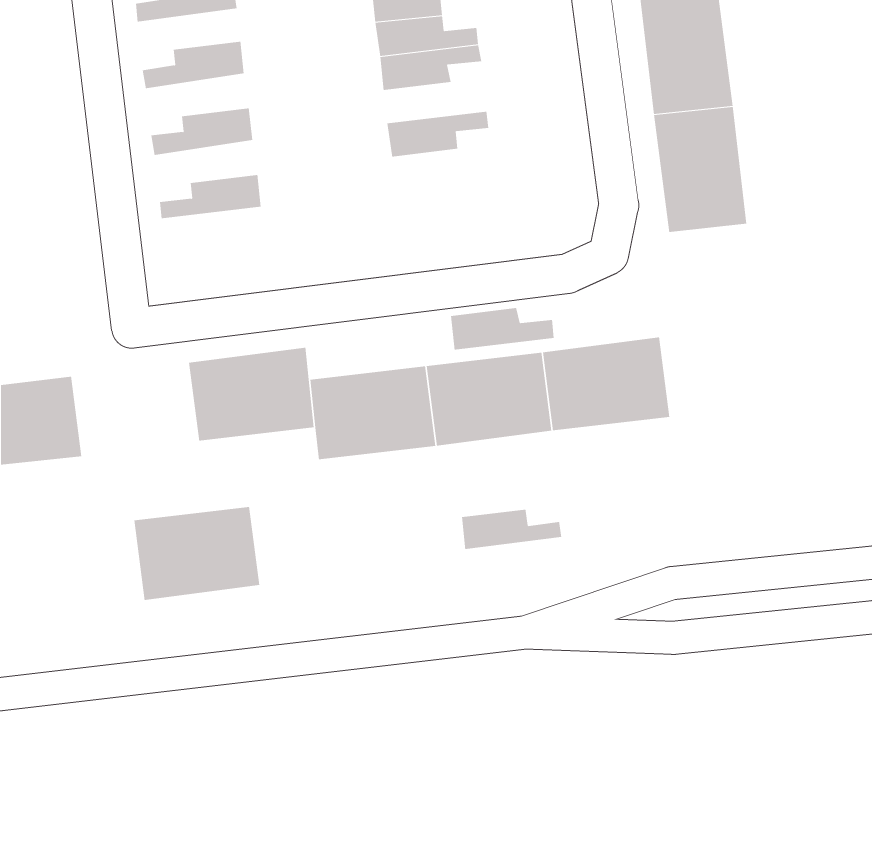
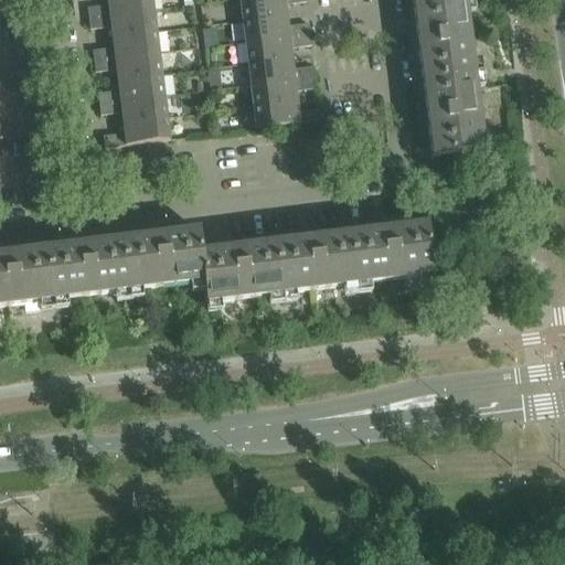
building: none -> [89,6,157,32]
building: none -> [95,47,162,75]
building: none -> [248,53,316,79]
building: none -> [100,90,168,118]
building: [450,307,555,350] -> [254,96,321,124]
building: [134,507,260,601] -> [47,234,129,295]
building: [461,509,562,550] -> none

